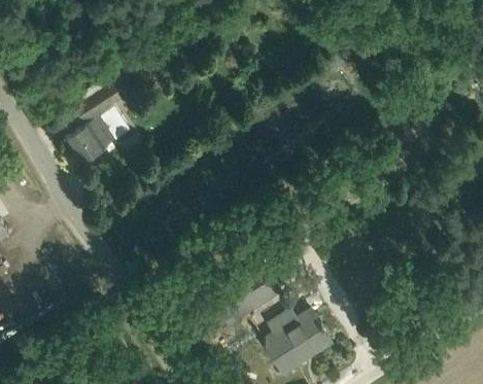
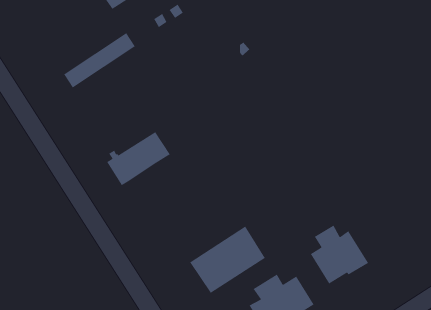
building: [64,109,129,165] -> [106,131,171,186]
building: none -> [310,225,369,287]

